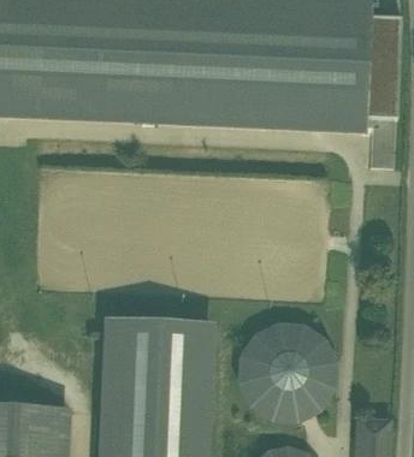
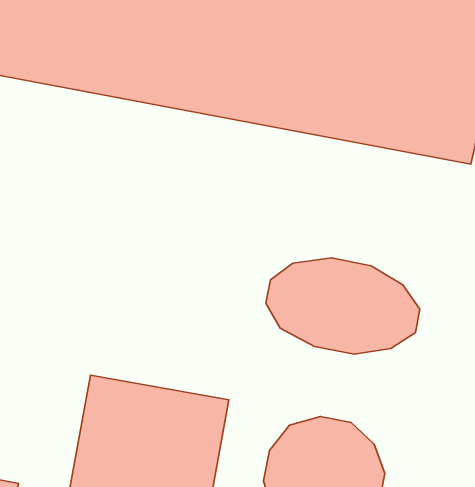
building: none -> [266,258,420,354]

